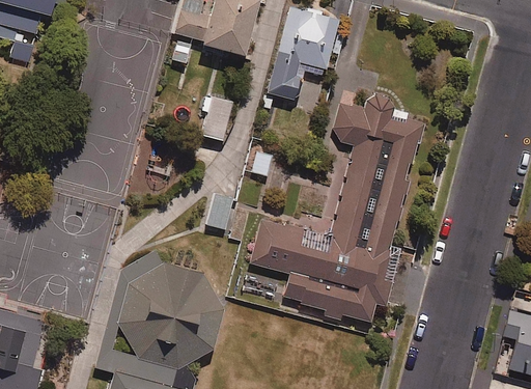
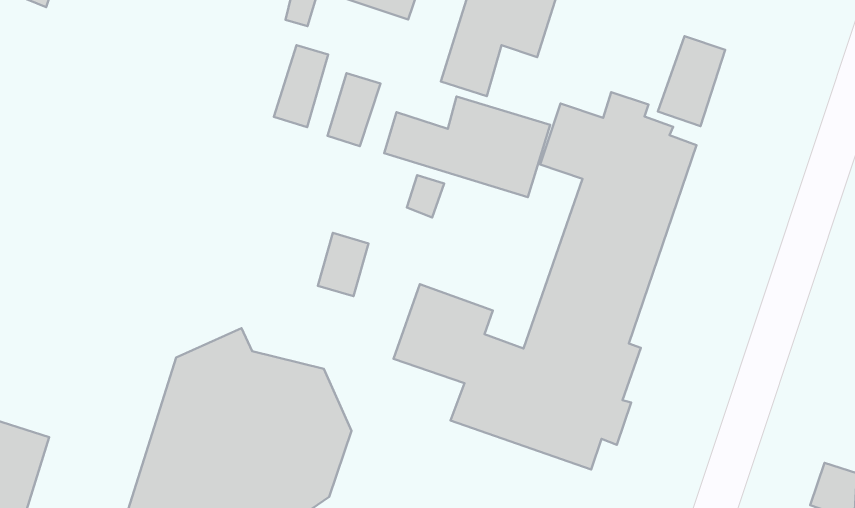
building: none -> [658,36,725,126]
building: none -> [274,45,328,127]
building: none -> [384,97,550,197]

